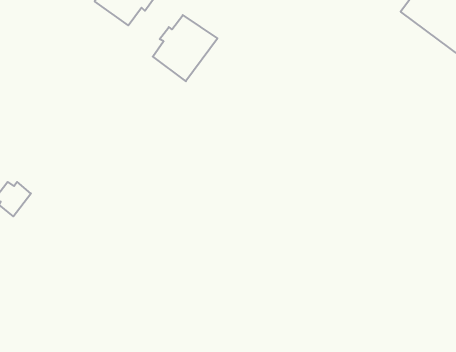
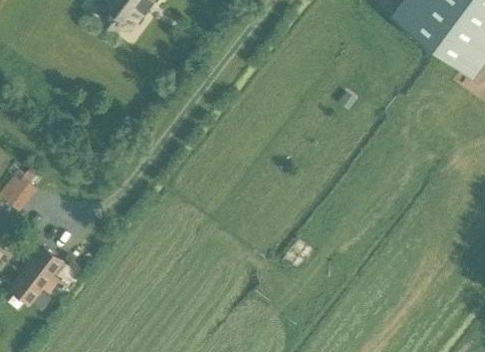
building: [153,15,217,81] -> none
building: none -> [10,251,60,306]

